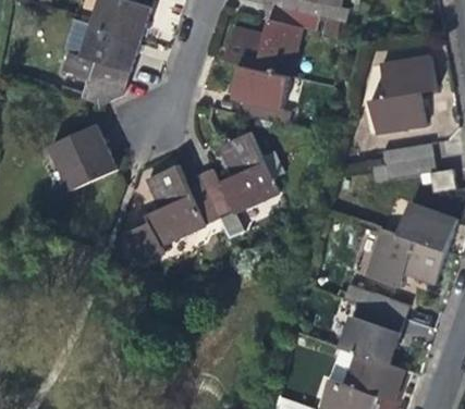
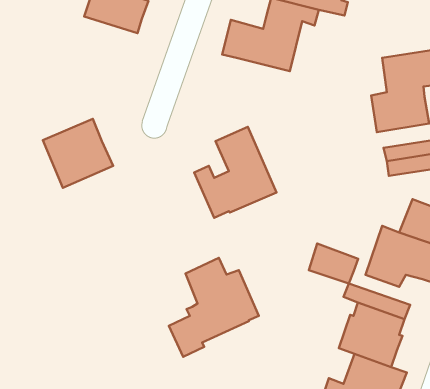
building: [63,17,140,103] -> none
building: [229,63,290,111] -> none
building: [127,163,216,260] -> [169,258,259,357]
building: none -> [309,244,358,284]

